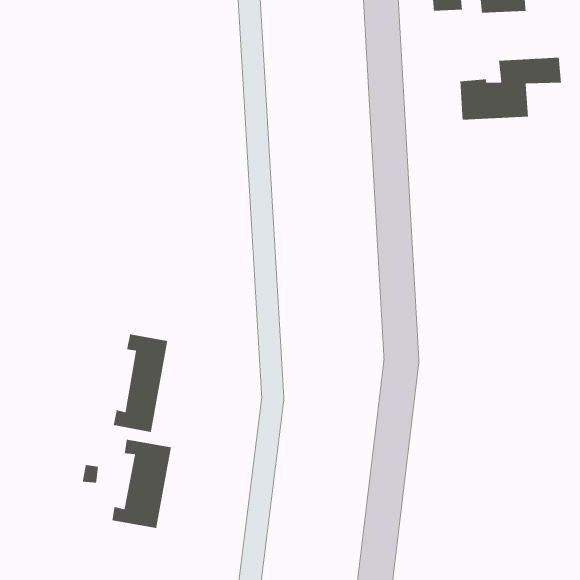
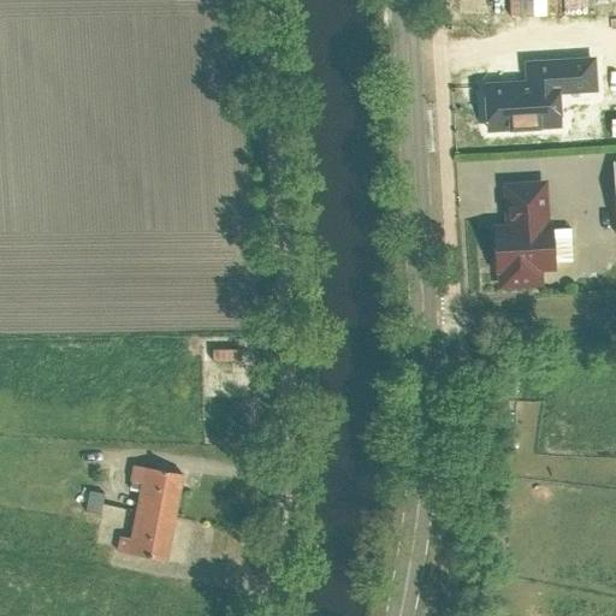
building: none -> [494,184,555,279]
building: [113,333,168,433] -> none

